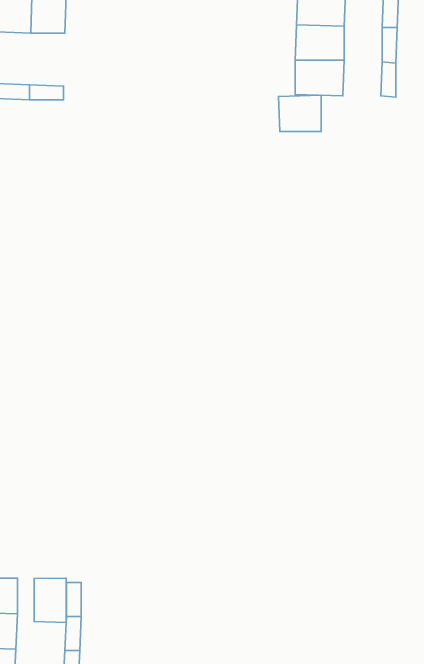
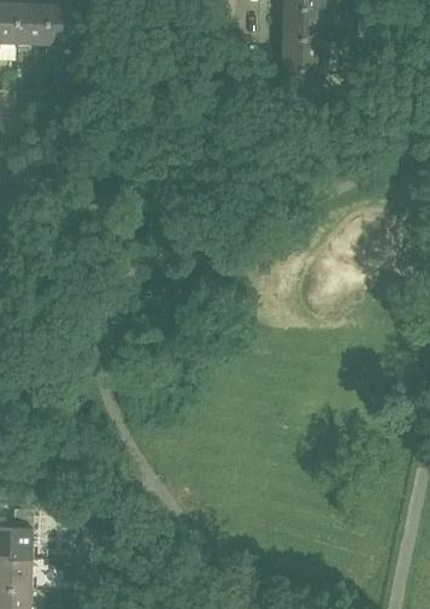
building: [279,95,321,131] -> none
building: [34,578,66,622] -> none

